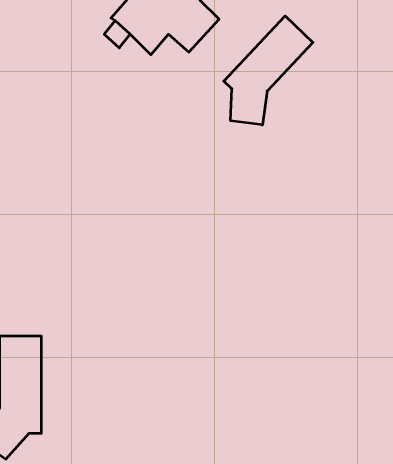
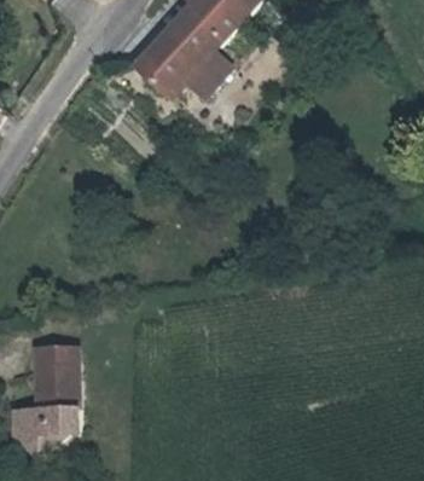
building: [224,16,313,125] -> none

